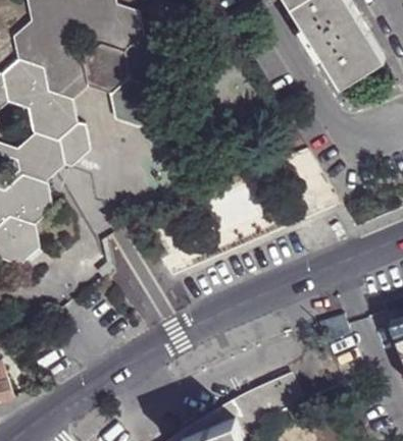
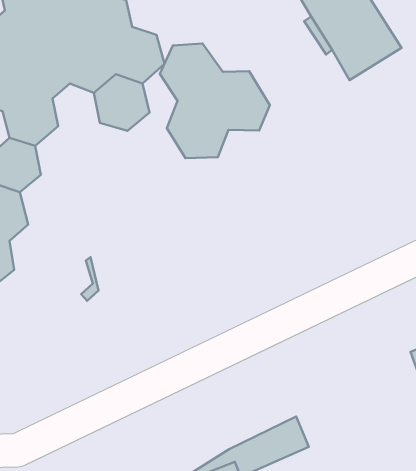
building: none -> [160,44,270,158]
building: [56,123,88,167] -> none

